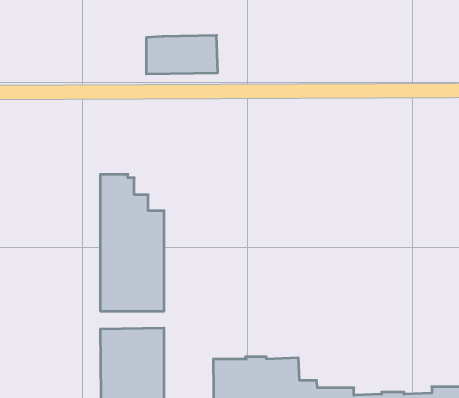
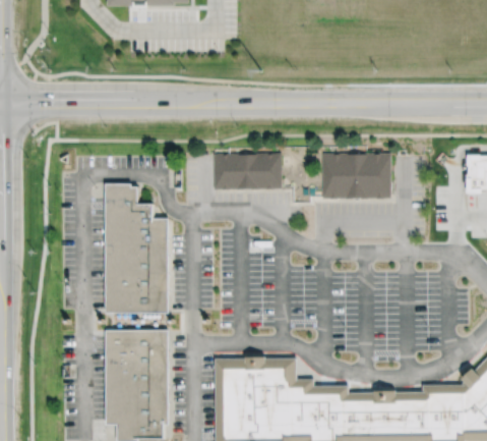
building: [146,35,218,74] -> [211,151,280,187]
building: none -> [320,151,391,198]

